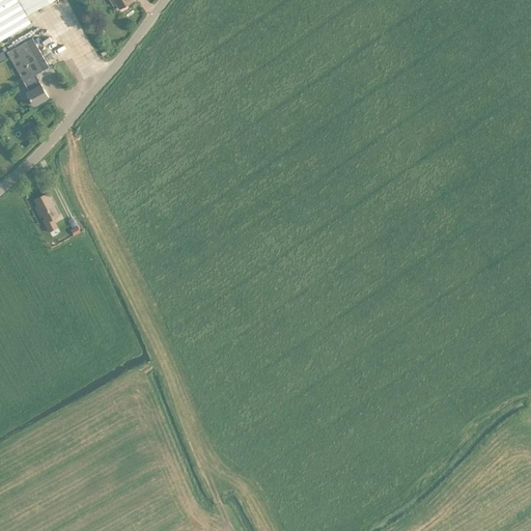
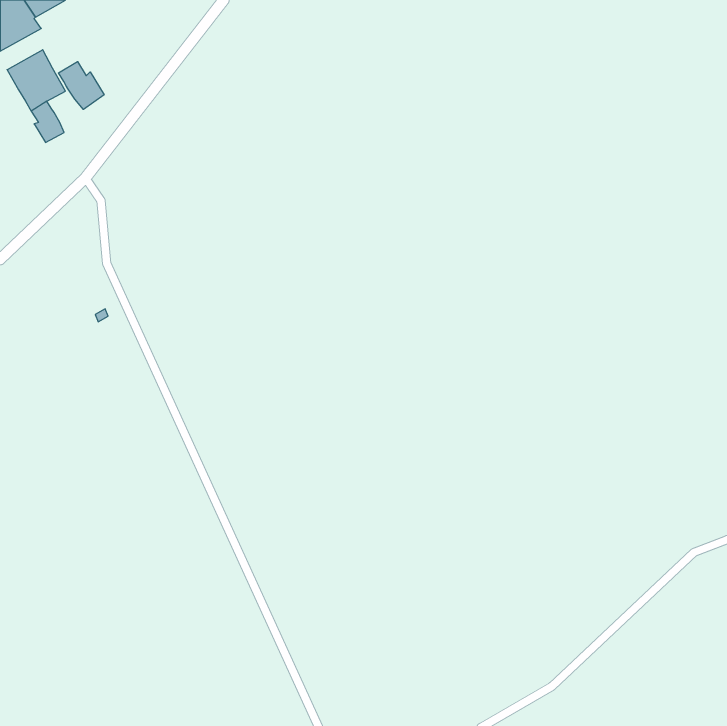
building: none -> [58,62,104,109]
building: [33,193,58,232] -> none

